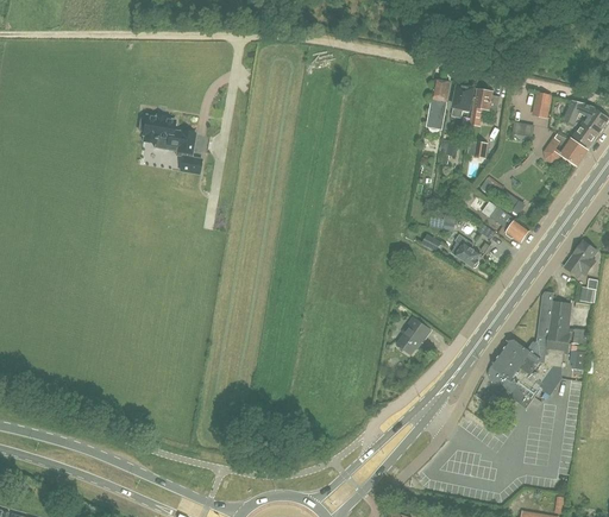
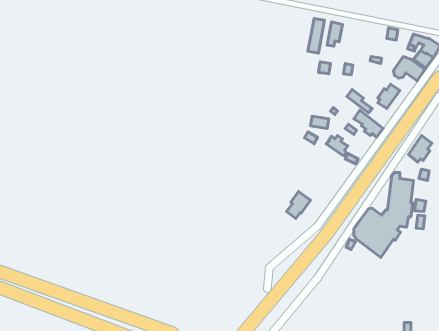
building: [470,89,500,125] -> none
building: [137,115,200,174] -> none
building: none -> [378,84,400,108]

